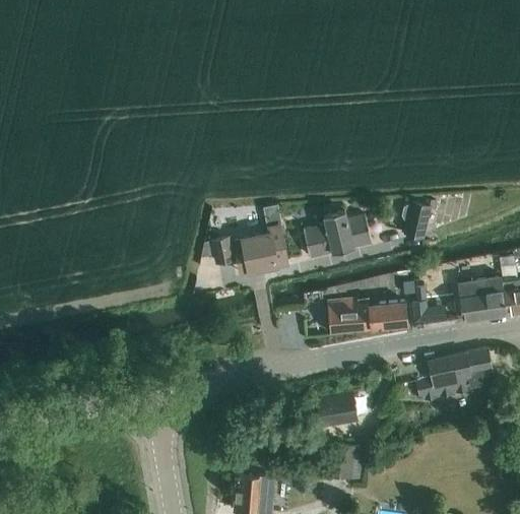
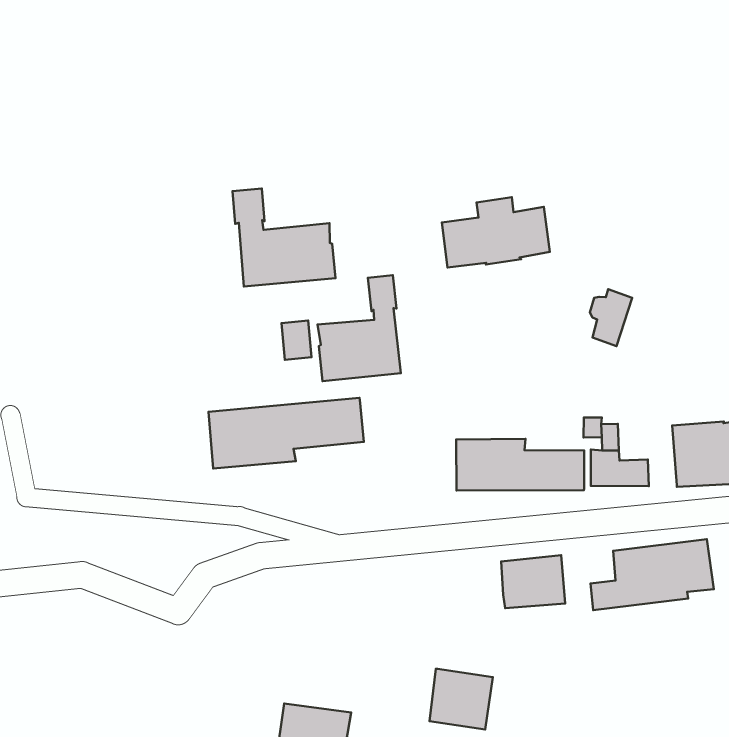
building: none -> [233,189,335,287]
building: [303,210,371,257] -> [442,197,550,268]
building: none -> [208,398,364,469]
building: [317,391,359,427] -> [501,555,565,608]

